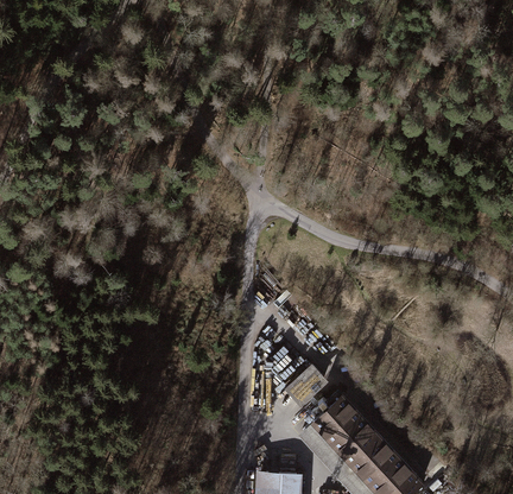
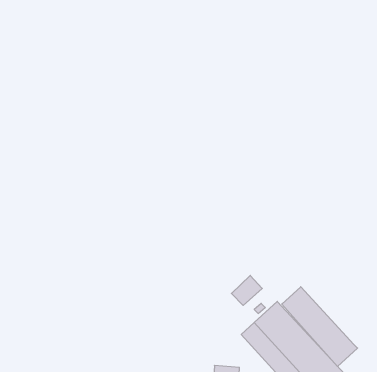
building: none -> [282,287,358,366]

